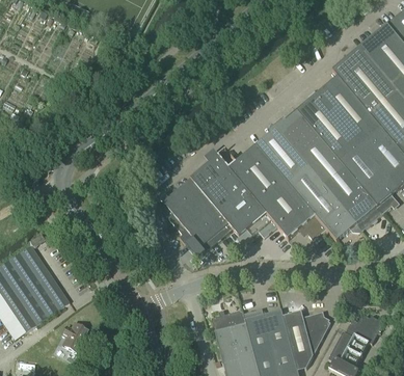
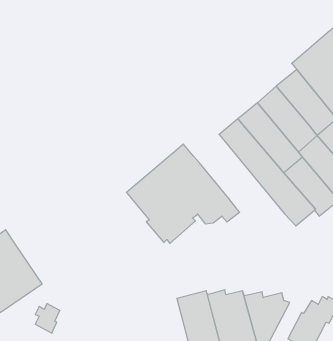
building: [230,143,326,239] -> none

